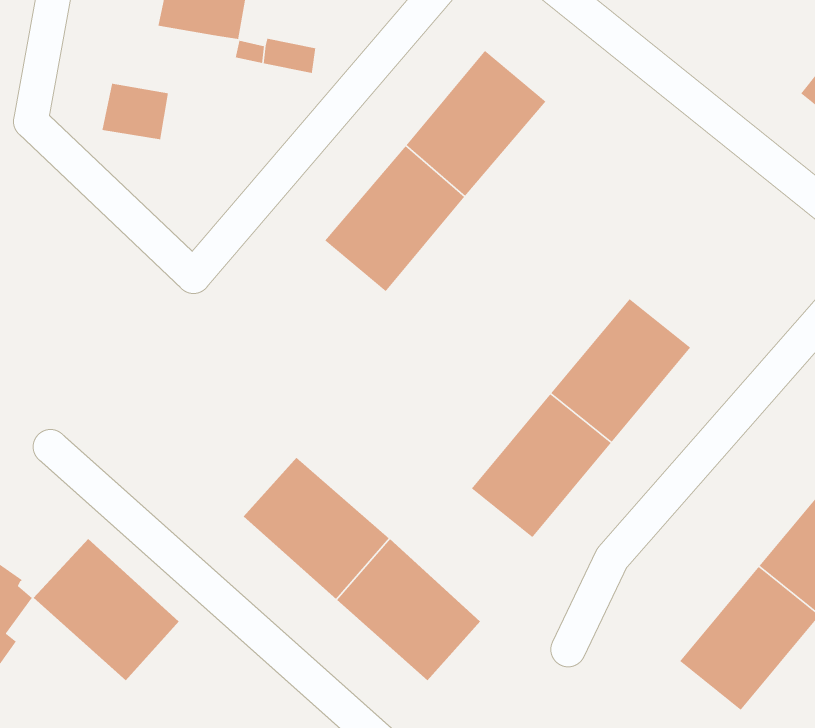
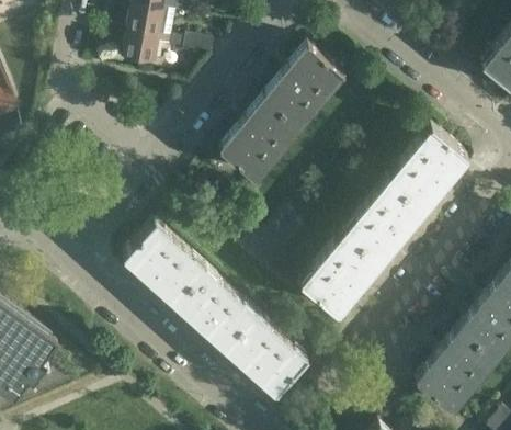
building: [101,83,169,140] -> [122,33,159,65]
building: none -> [388,131,465,211]
building: [33,538,179,681] -> [123,225,204,304]

